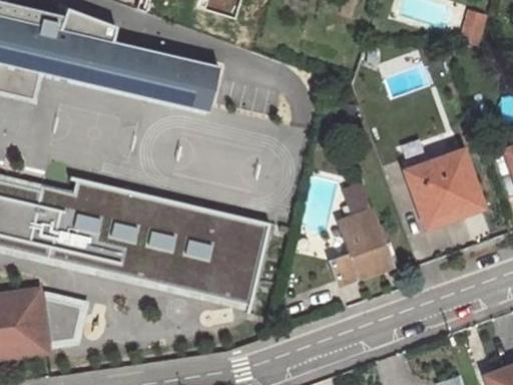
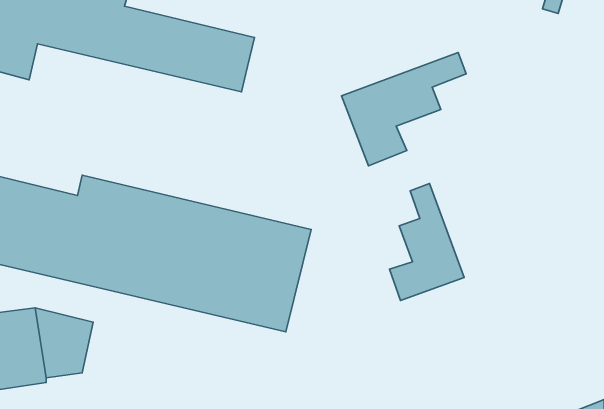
building: none -> [341,52,466,166]
building: [406,149,483,226] -> none

